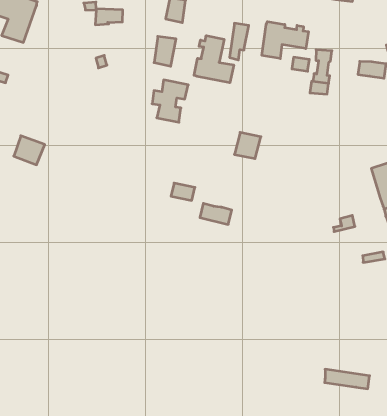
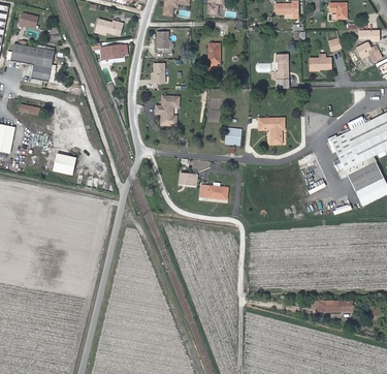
building: [262,22,308,59] -> none
building: [194,36,234,83] -> none
building: none -> [258,117,284,143]

